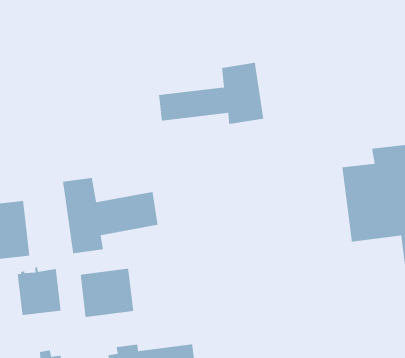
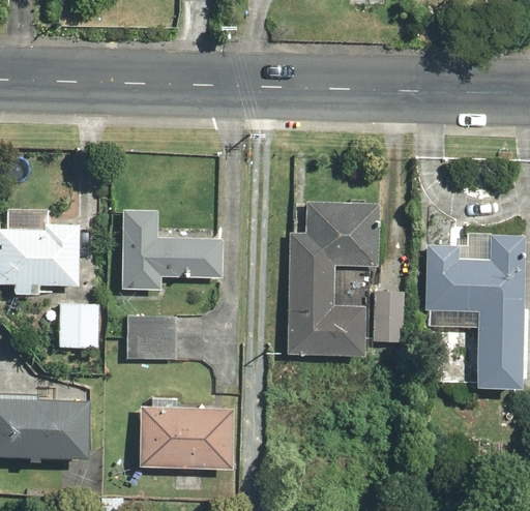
building: [158,62,264,125] -> none
building: none -> [288,202,376,355]
building: none -> [374,291,404,343]

